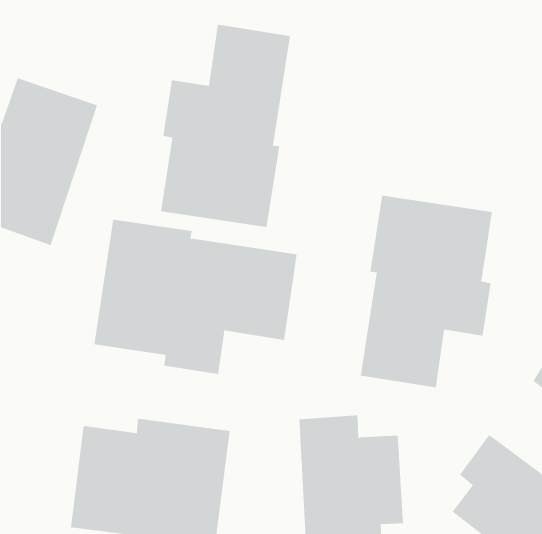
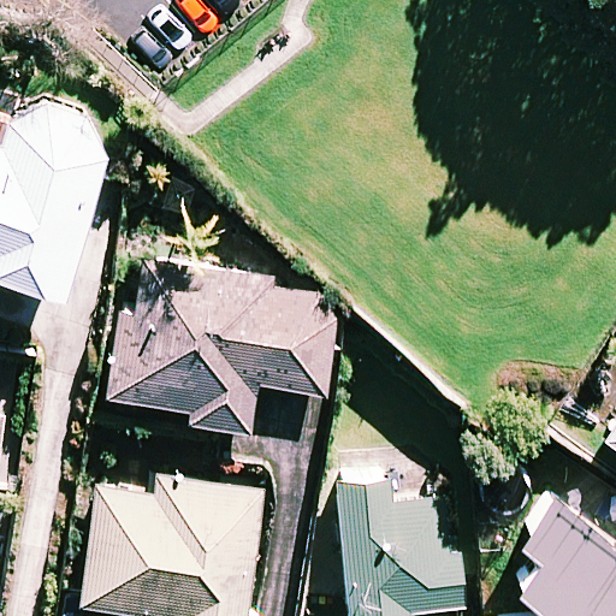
building: [160,24,290,228] -> none
building: [360,195,493,388] -> none

